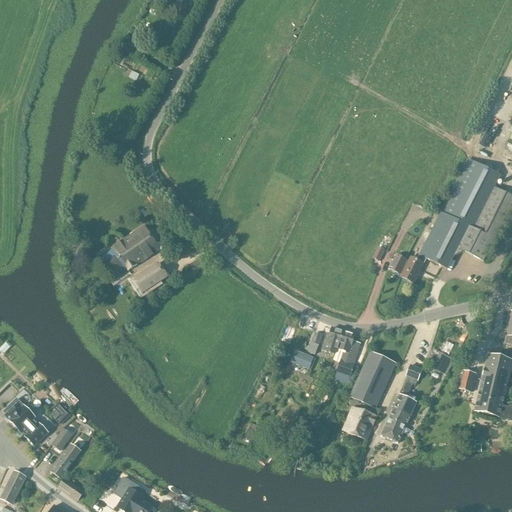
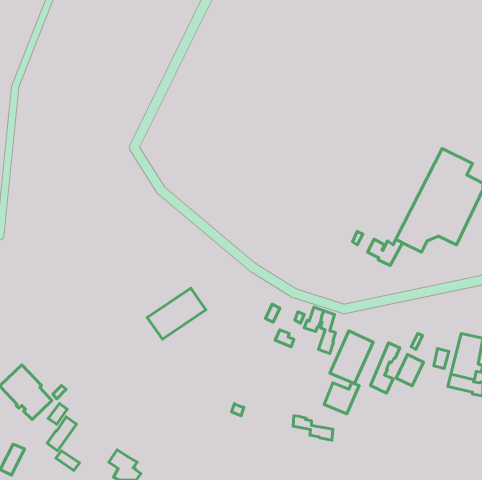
building: [99,224,161,278] -> [147,288,206,339]
building: [135,262,167,290] -> none
building: [381,408,410,441] -> [396,355,424,386]
building: none -> [293,416,333,440]

